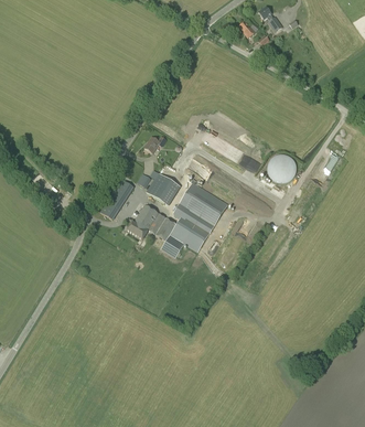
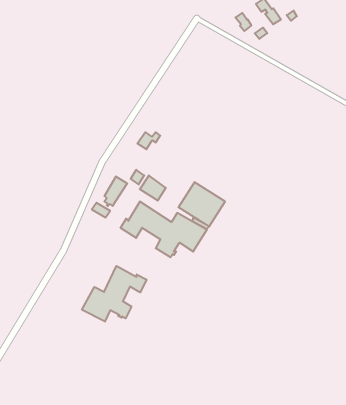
building: [267,153,297,182] -> none
building: none -> [82,266,146,322]

